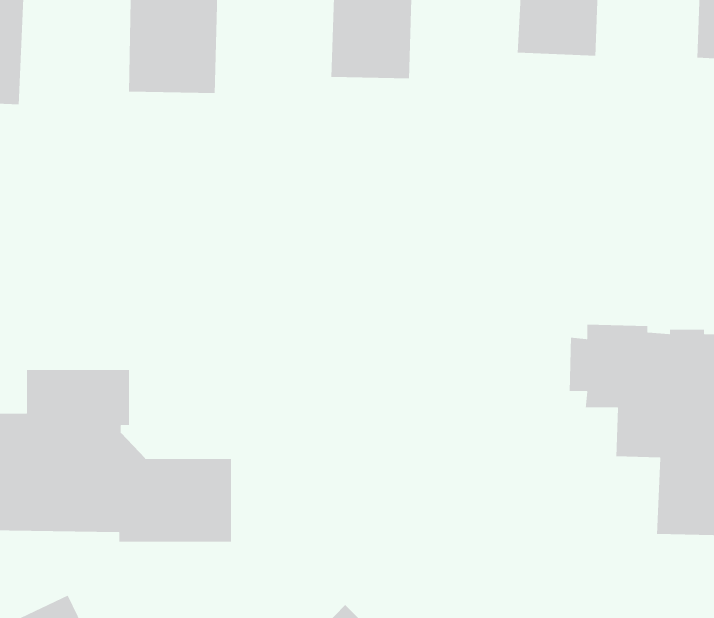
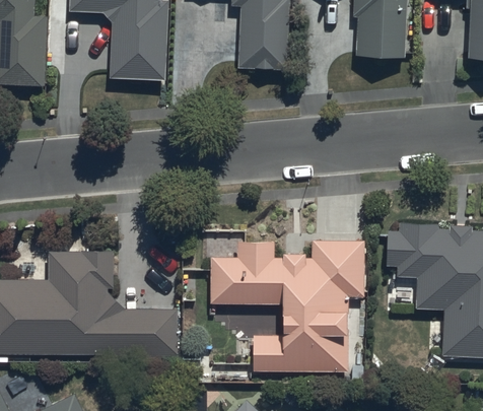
building: none -> [209,241,363,372]

